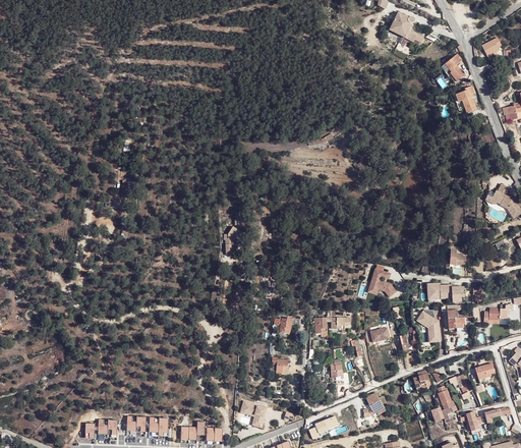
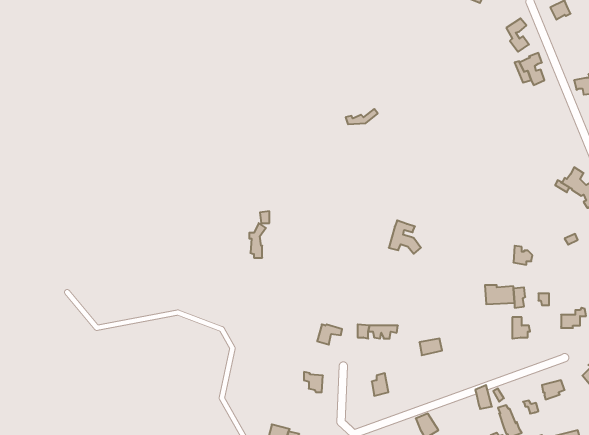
building: [368,269,396,297] -> [389,220,421,254]
building: [417,310,440,342] -> none

